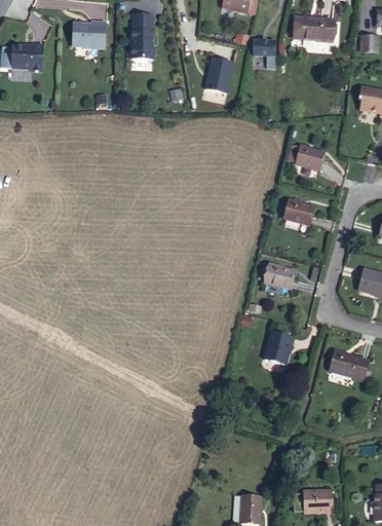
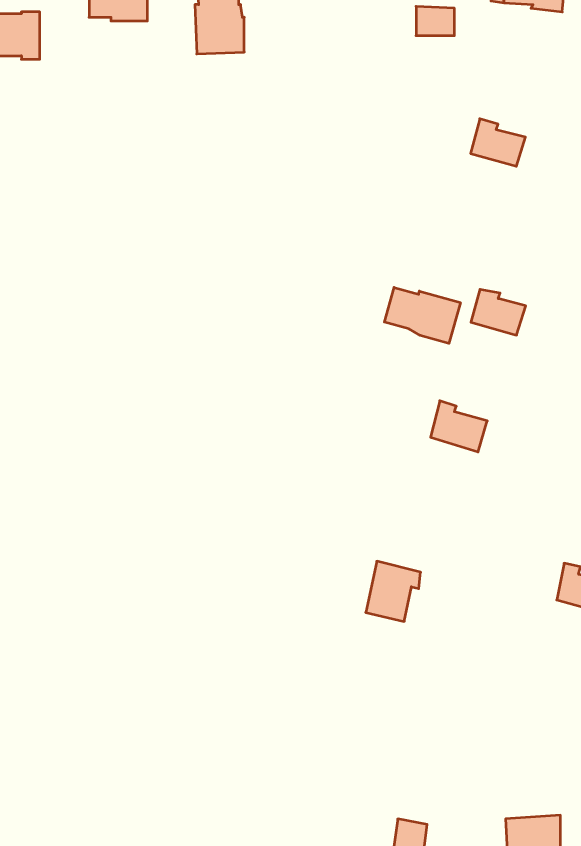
building: [203,55,231,92] -> none
building: [289,142,319,168] -> [471,119,525,166]
building: none -> [384,287,460,343]
building: [265,329,296,363] -> [366,561,421,621]

